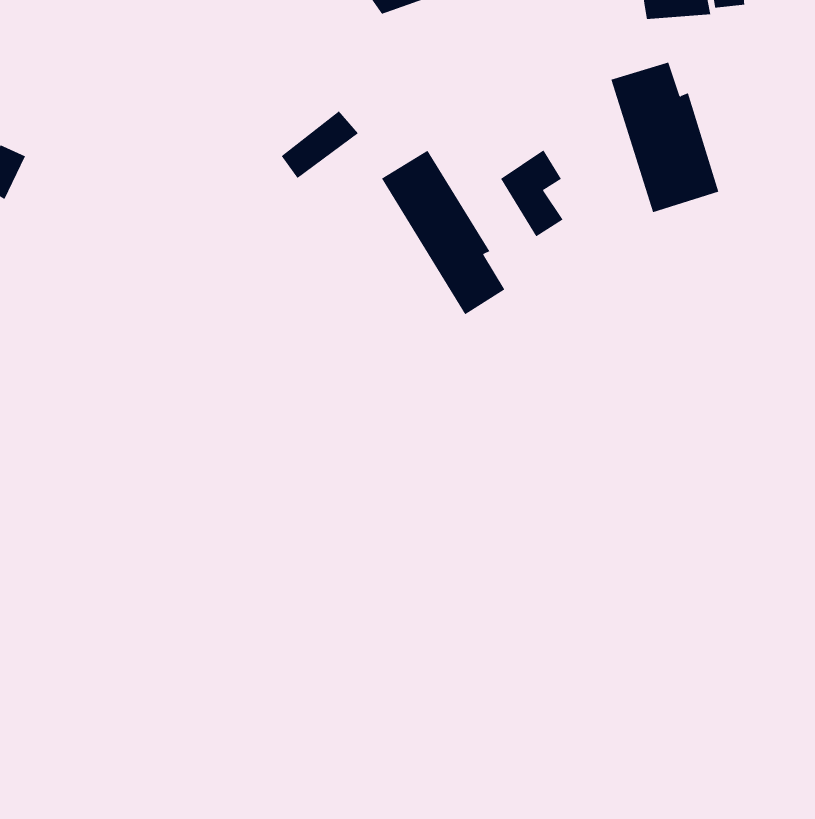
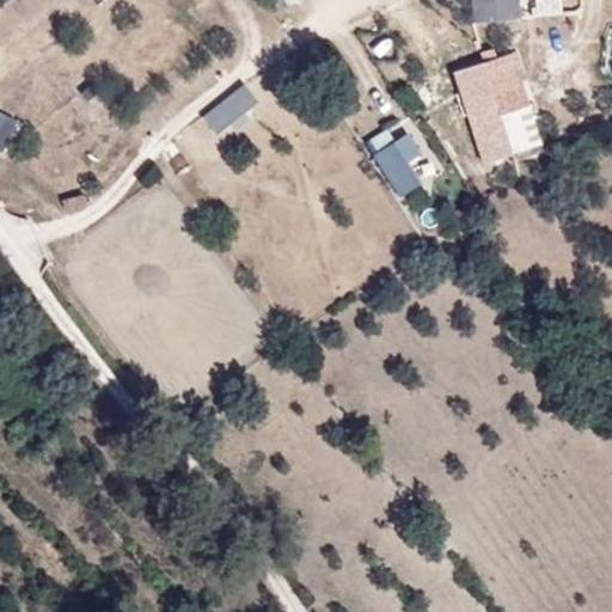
building: [381,150,505,315] -> none

